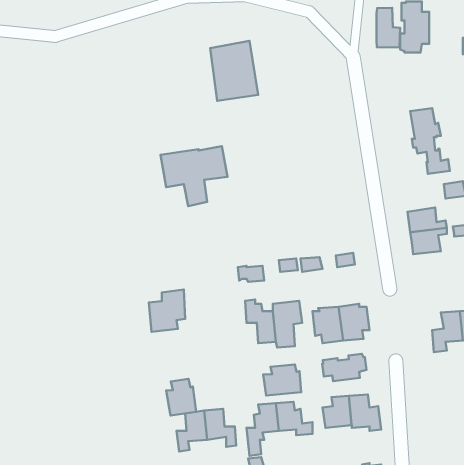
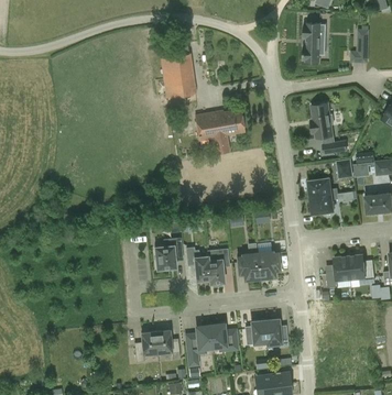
building: [376,8,400,47] -> none
building: [160,146,228,206] -> [194,109,244,154]
building: [149,289,185,332] -> [154,238,182,270]
building: [322,354,366,381] -> none
building: [263,364,301,395] -> none
building: [166,379,196,415] -> none

